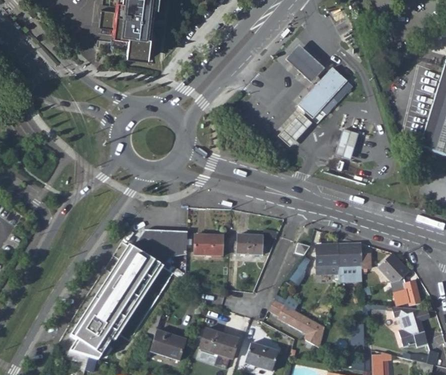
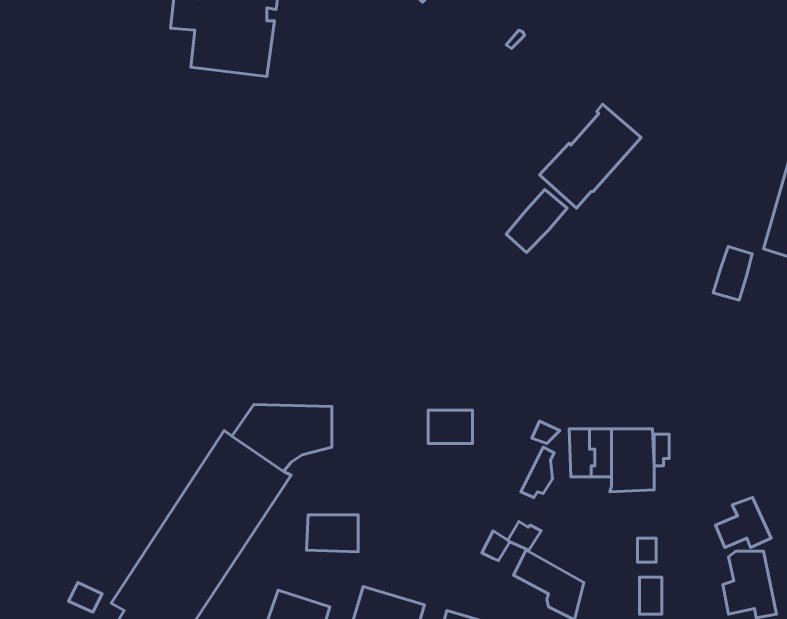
building: [288,47,327,85] -> none
building: [337,131,358,160] -> [713,246,752,300]
building: [194,234,222,254] -> [306,515,358,552]
building: [377,254,408,282] -> none

